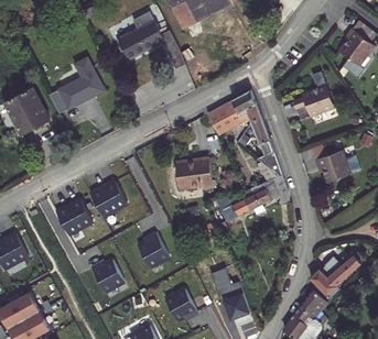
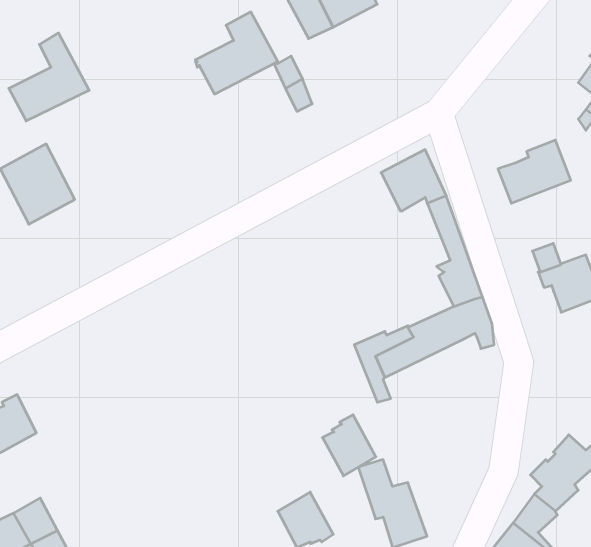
building: [57,57,104,108] -> [9,33,89,121]
building: [206,103,235,134] -> none
building: [174,157,212,189] -> none
building: [89,179,126,215] -> none
building: [54,197,91,232] -> none
building: [137,230,168,265] -> [322,415,376,476]
building: [89,258,122,289] -> none

